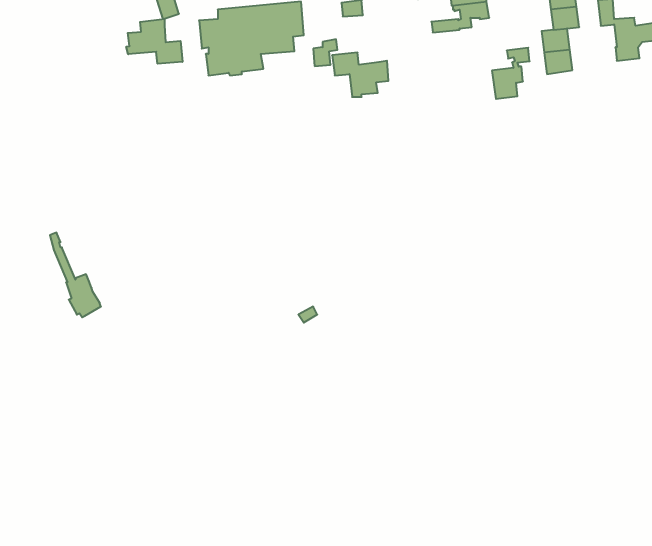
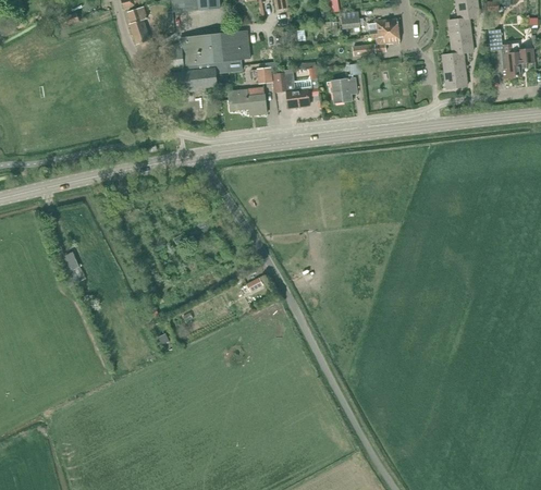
building: [126,19,182,64] -> none
building: [492,48,530,99] -> [331,61,361,102]
building: none -> [229,88,266,113]

